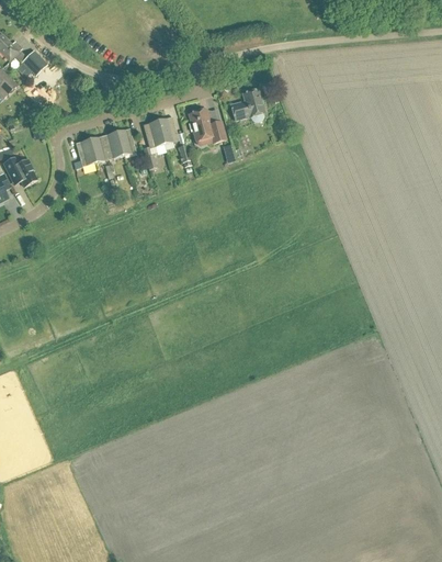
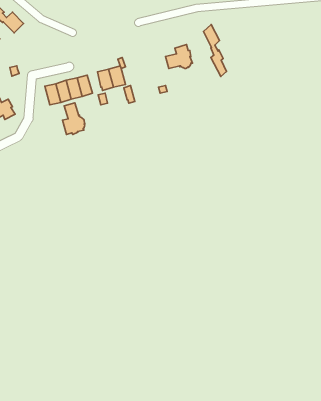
building: none -> [203,24,227,76]
building: [188,109,225,143] -> none
building: none -> [63,103,85,135]

